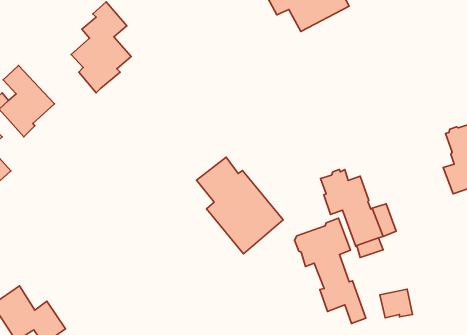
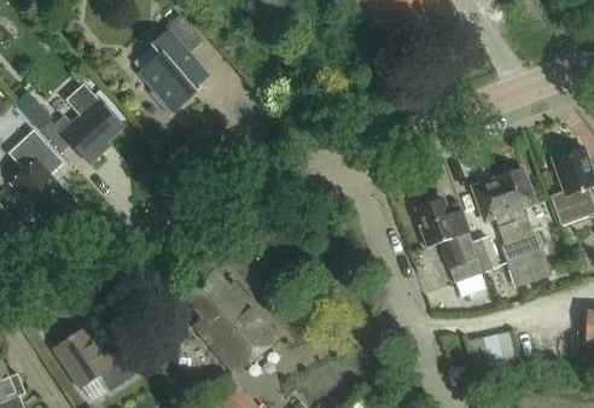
building: [197,157,283,254] -> [182,269,278,375]
building: [295,218,366,324] -> [472,168,551,284]

